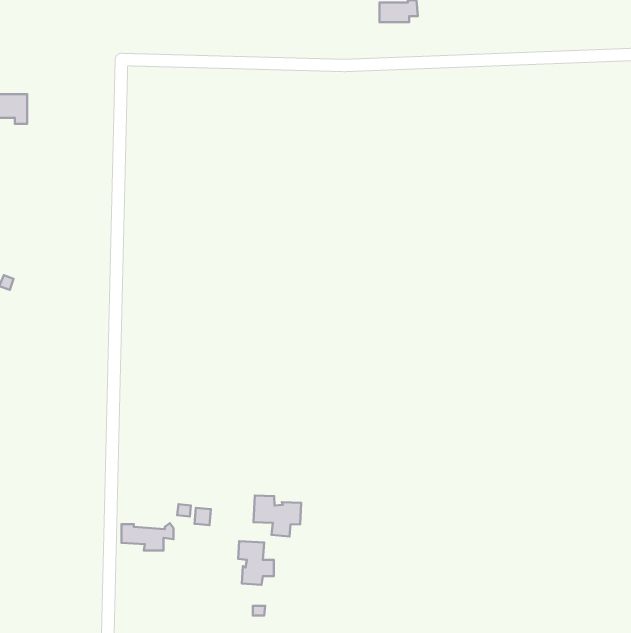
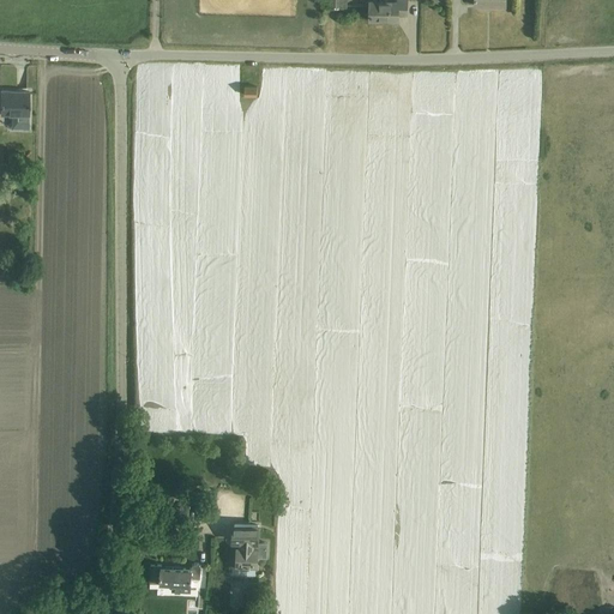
building: [254,496,301,536] -> none
building: [121,523,174,550] -> [148,562,198,589]

